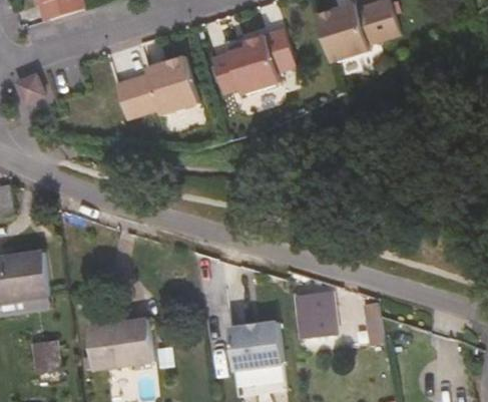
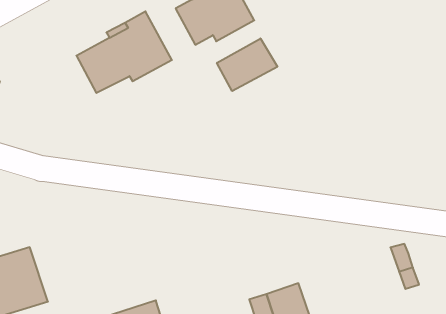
building: none -> [217,38,277,91]
building: [296,290,337,337] -> none

